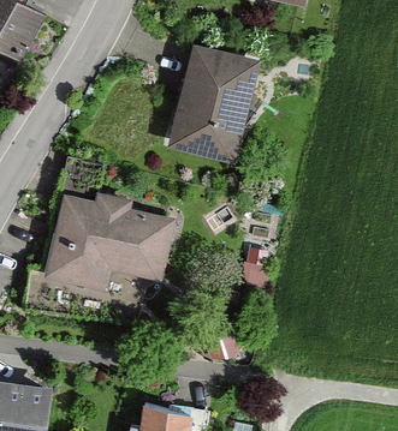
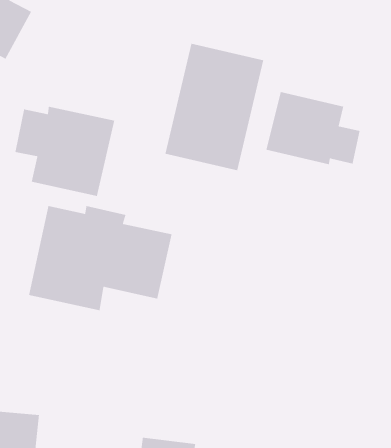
building: none -> [265,91,361,165]
building: none -> [14,106,115,197]

